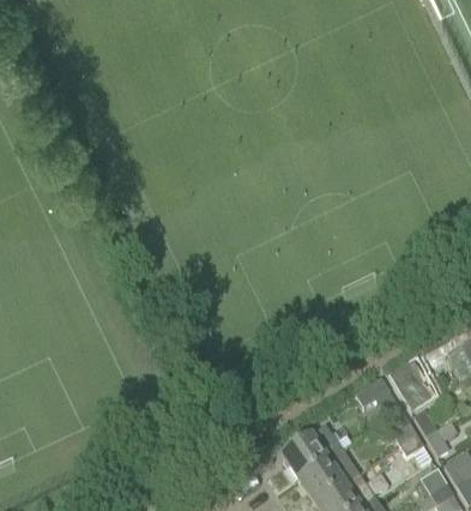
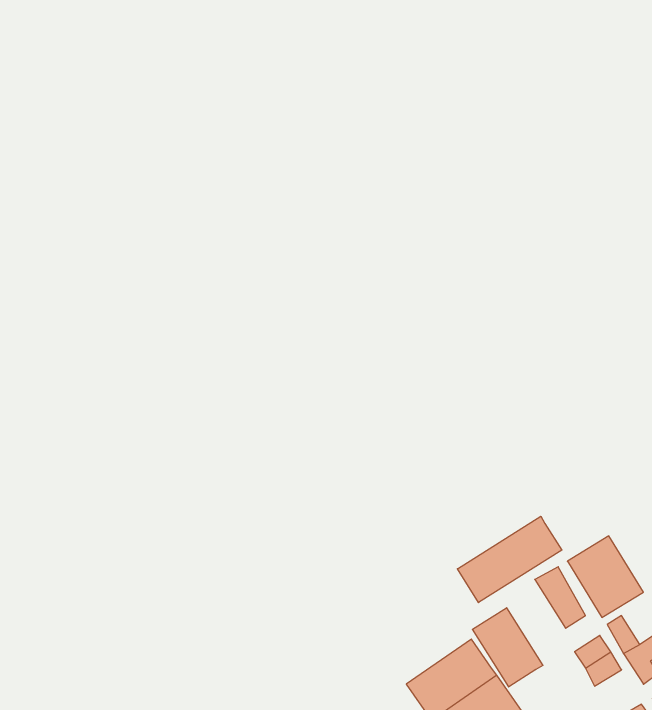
building: none -> [457,516,562,603]
building: none -> [472,608,543,687]

